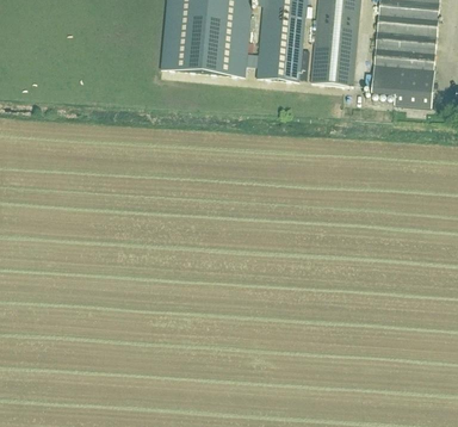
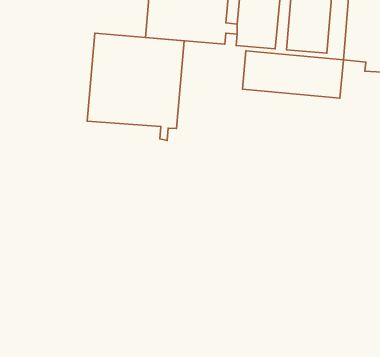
building: none -> [87,33,184,141]
building: none -> [242,51,343,98]

